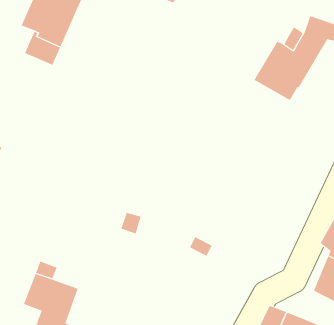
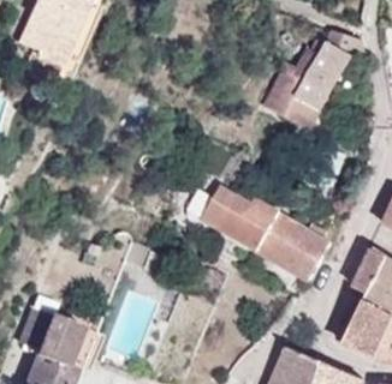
building: none -> [208,188,337,283]

